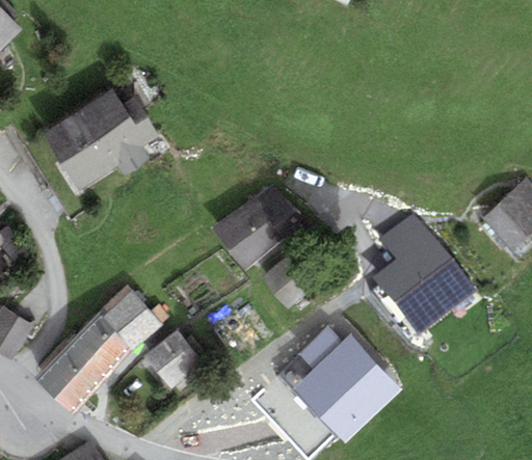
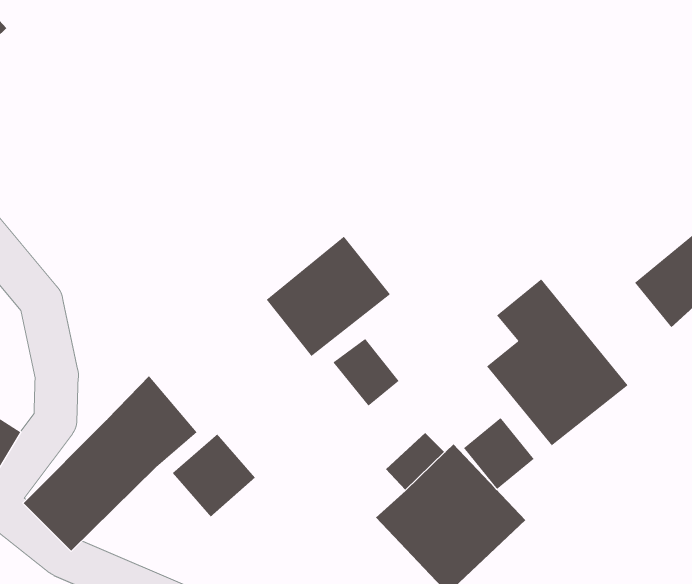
building: [44,89,159,188] -> none
building: none -> [463,417,535,490]

